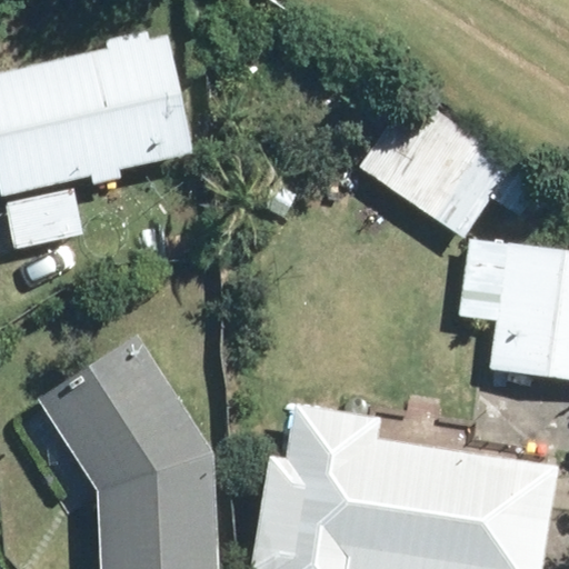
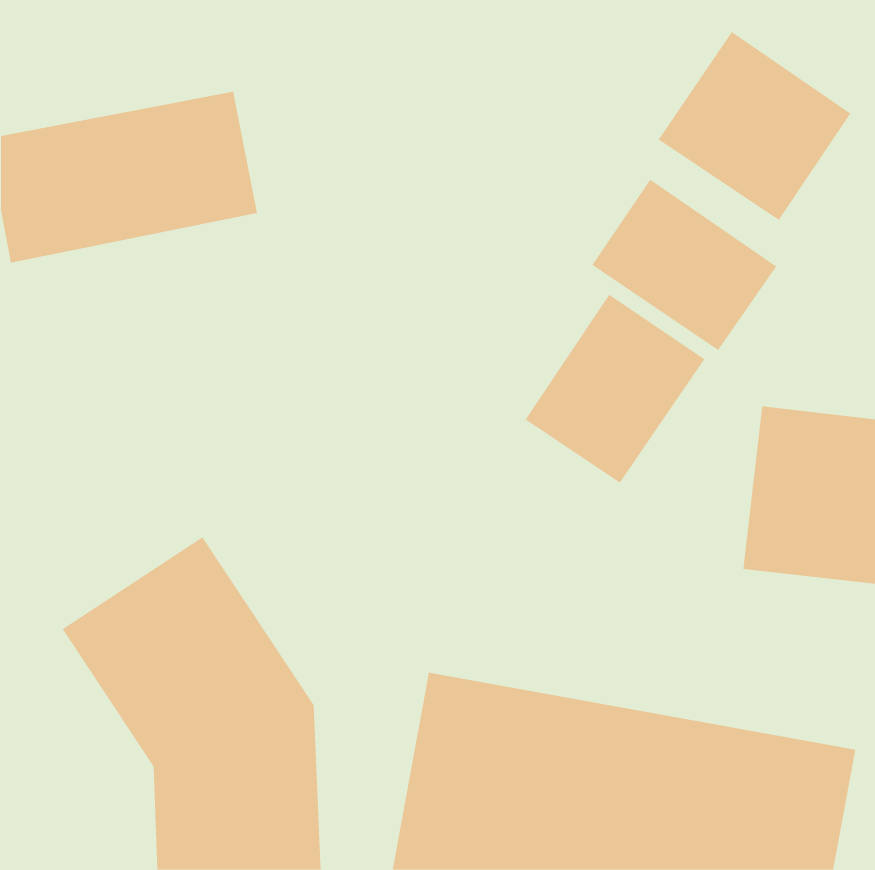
building: none -> [658,31,851,221]
building: none -> [525,294,705,483]

